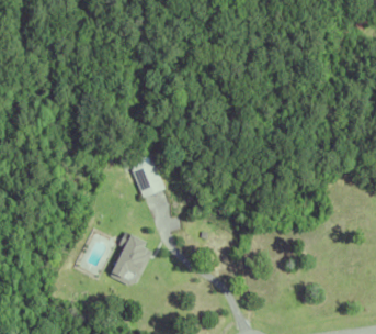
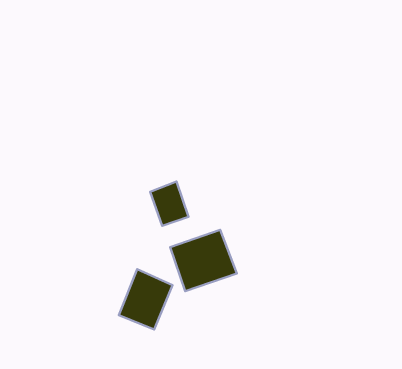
building: none -> [170,230,237,291]

